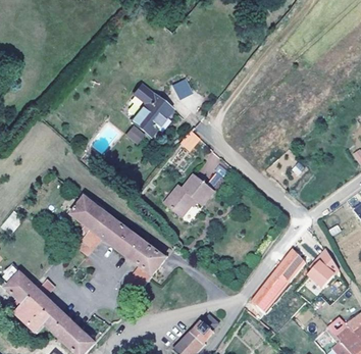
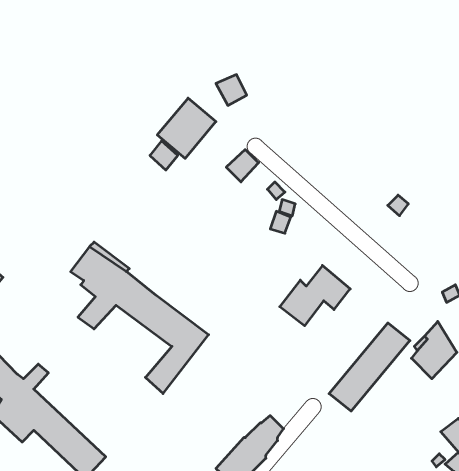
building: [164,174,213,216] -> [280,265,350,326]

